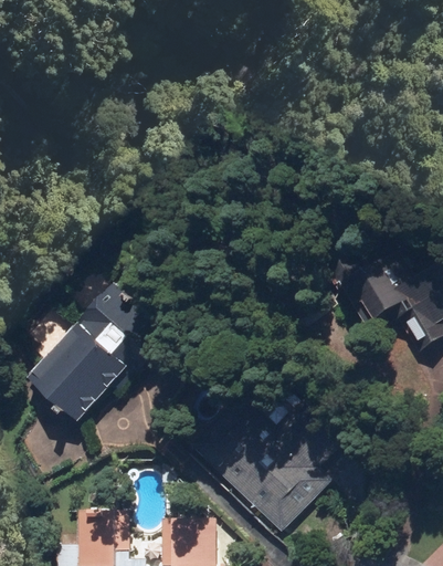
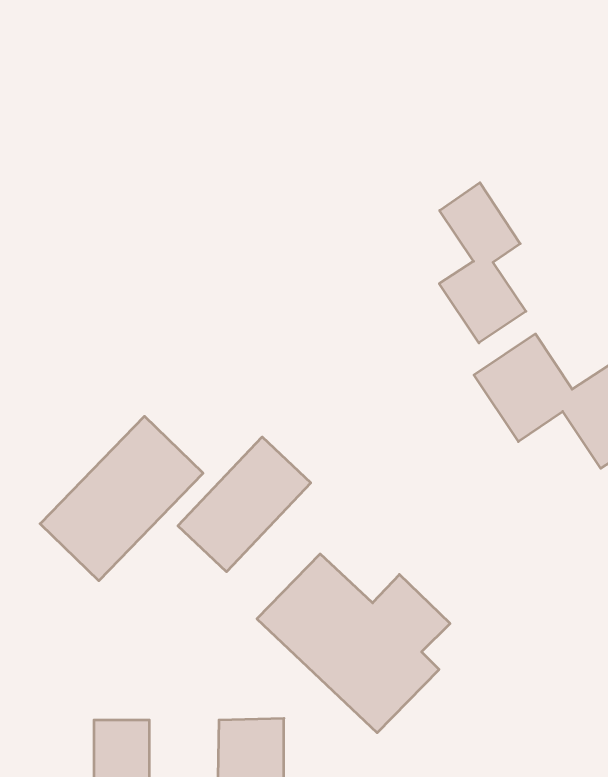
building: none -> [439,183,526,343]
building: none -> [178,437,311,572]

